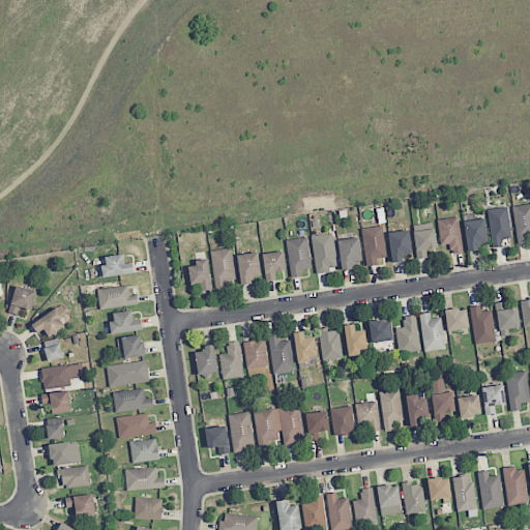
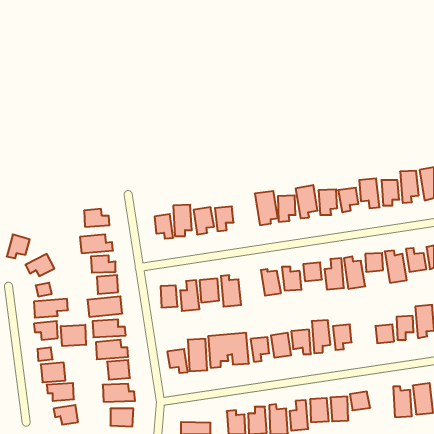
building: [286,237,311,277] -> none
building: [293,331,316,363] -> none
building: [429,375,454,422] -> none
building: none -> [61,325,86,346]
building: [452,474,475,511] -> none

